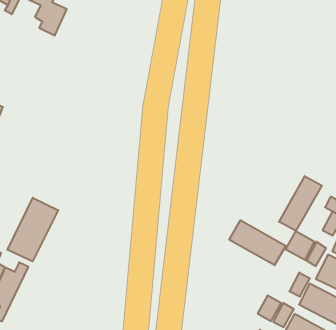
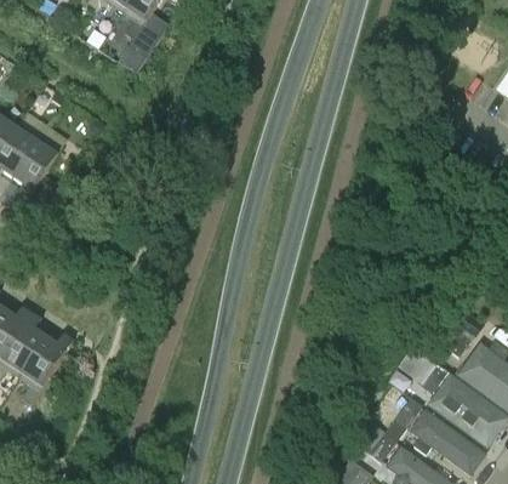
building: [279,176,322,231] -> none
building: [8,198,58,261] -> none
building: [229,220,286,265] -> none

